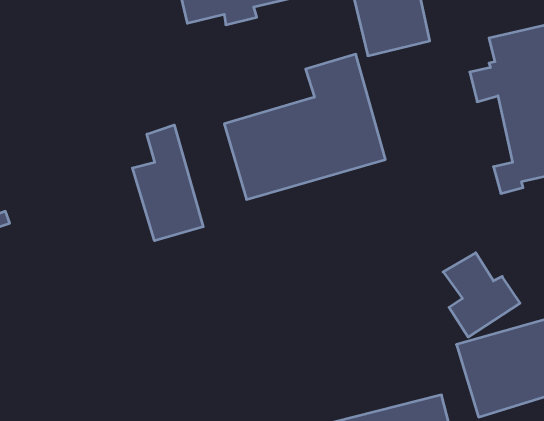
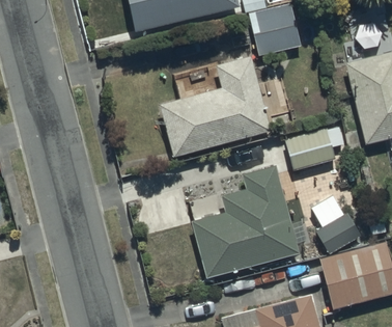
building: [132,125,203,241] -> none
building: none -> [285,124,347,171]
building: none -> [190,166,307,278]

